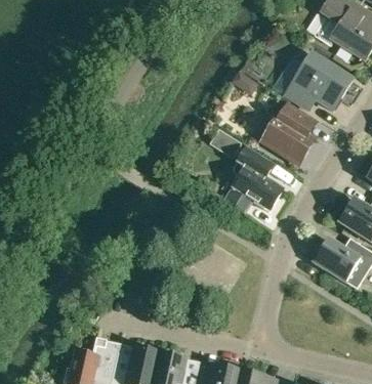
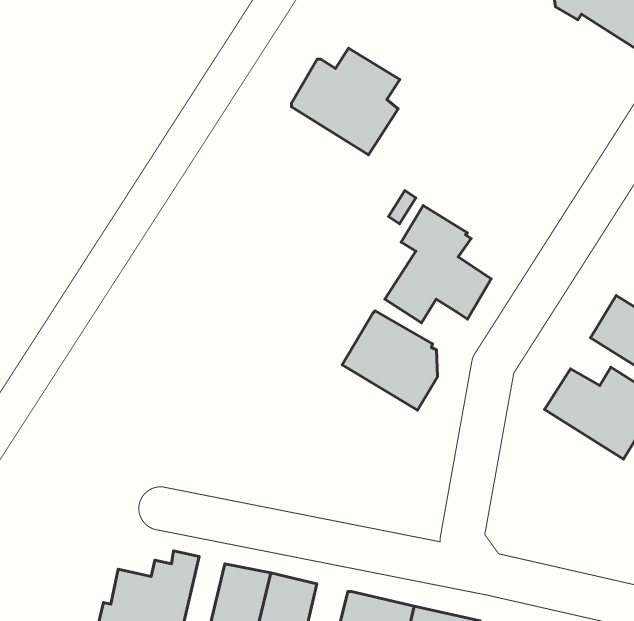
building: [285,52,352,109] -> none
building: [255,103,316,163] -> [291,48,400,155]
building: none -> [342,311,438,410]

